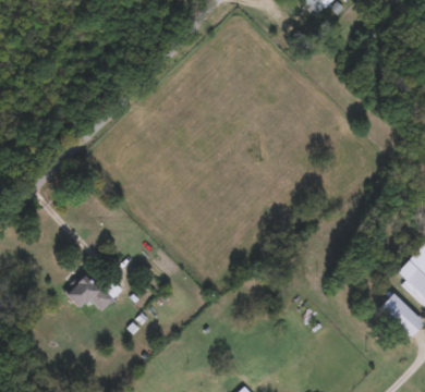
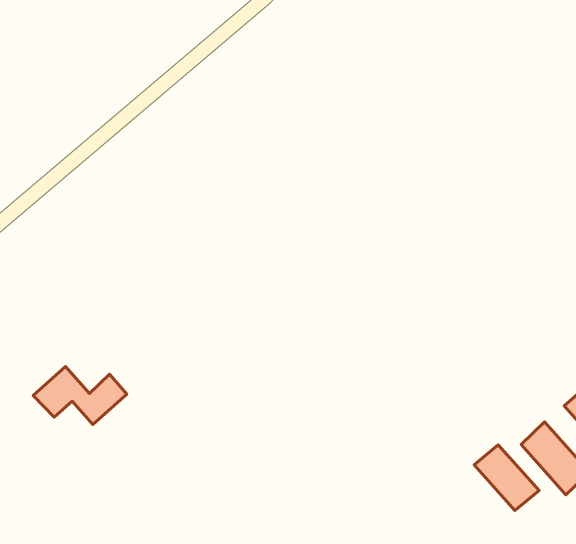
building: none -> [474,445,539,511]

